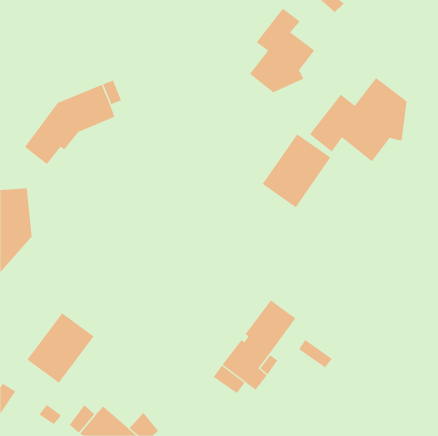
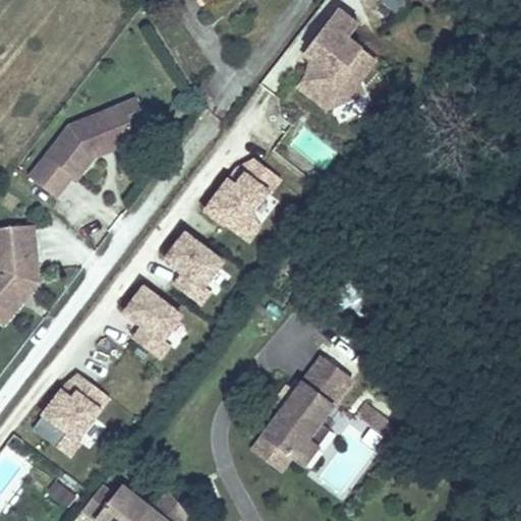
building: [309,77,407,162] -> none
building: [262,133,331,208] -> [201,153,284,241]
building: none -> [161,232,228,306]
building: none -> [112,283,190,358]

